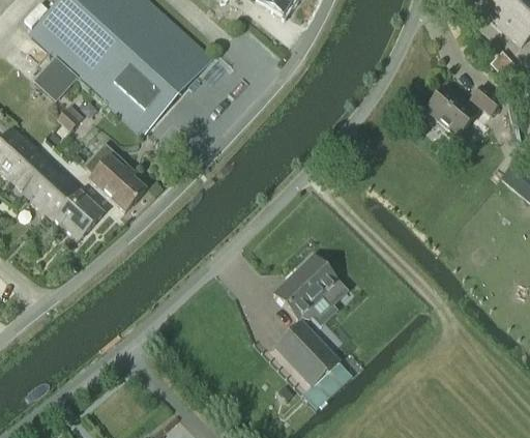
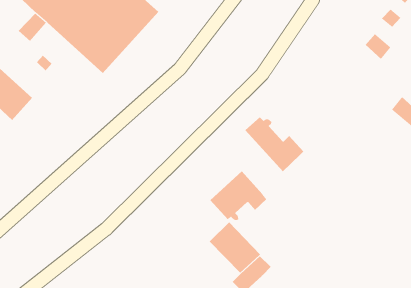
building: [428,87,478,136] -> none
building: [85,148,145,210] -> none
building: [28,164,105,239] -> none
building: none -> [244,116,304,172]

